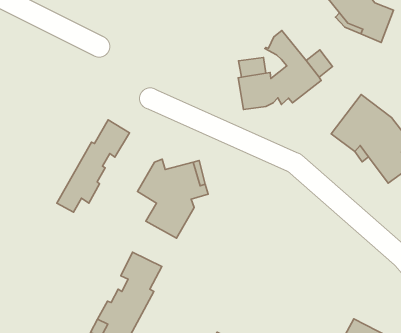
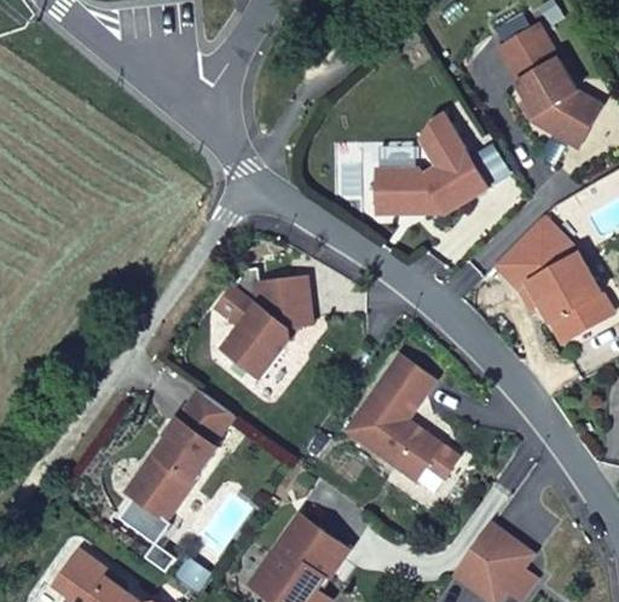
building: [57,120,129,212] -> none
building: none -> [345,354,459,481]

